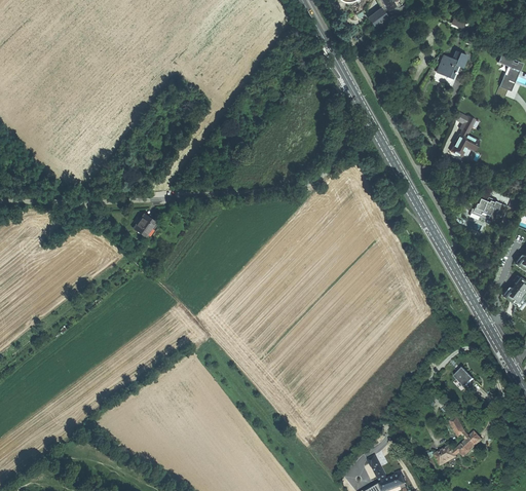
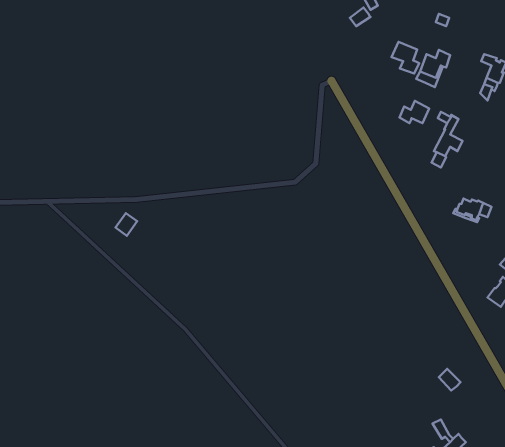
building: none -> [392,42,419,74]
building: none -> [399,101,429,123]

